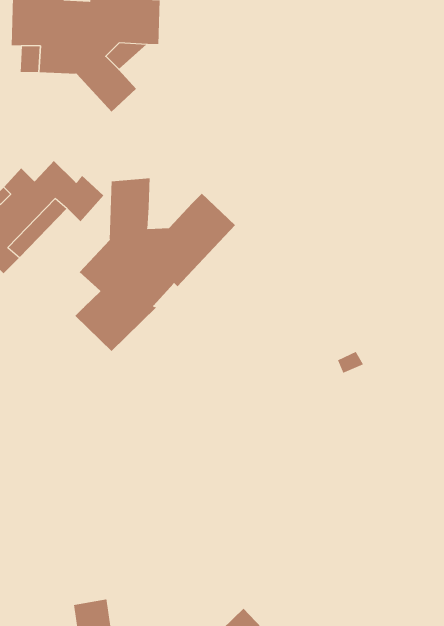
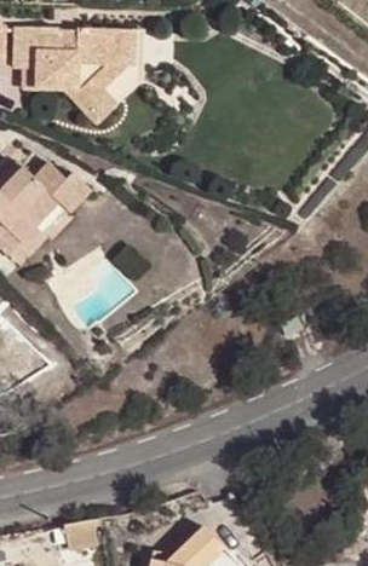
building: [74,178,236,352] -> none

